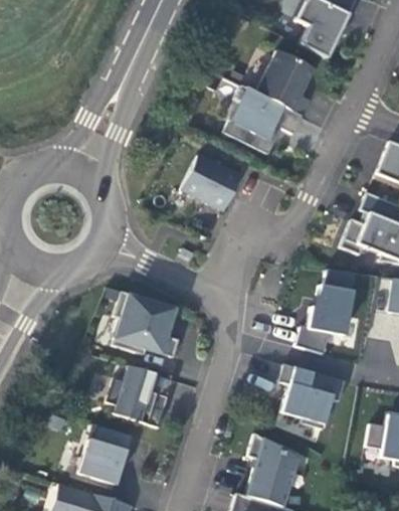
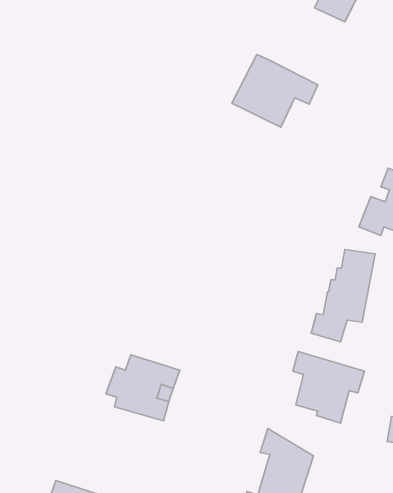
building: [256,49,315,115] -> none
building: [181,155,240,207] -> none
building: [112,290,179,356] -> none
building: [77,423,132,484] -> none

